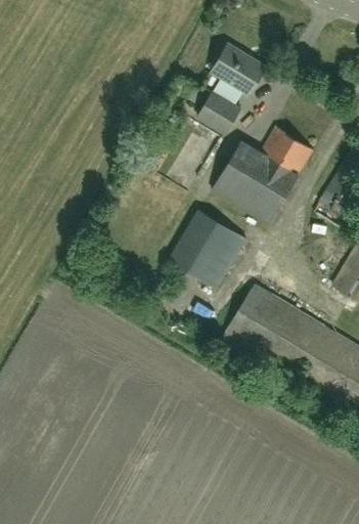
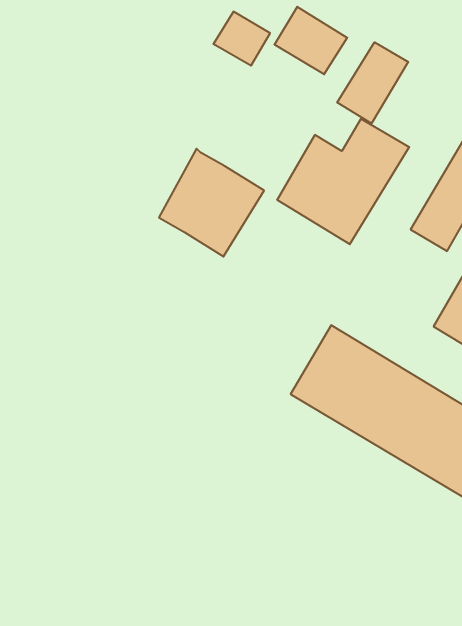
building: none -> [337,42,408,123]
building: [198,91,241,132] -> [213,12,270,66]
building: [169,207,249,289] -> [159,149,264,257]

